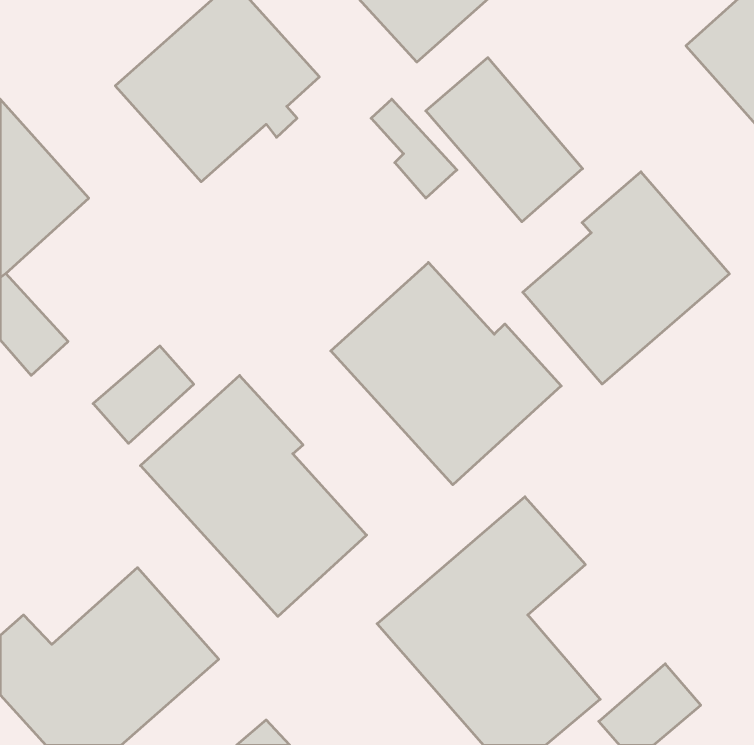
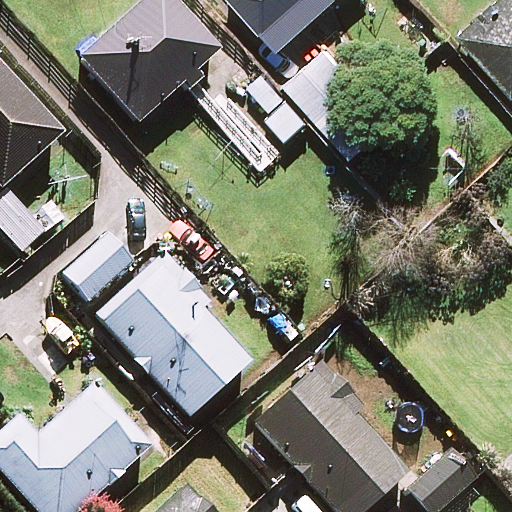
building: [523,172,729,384] -> none
building: [331,262,561,485] -> none

